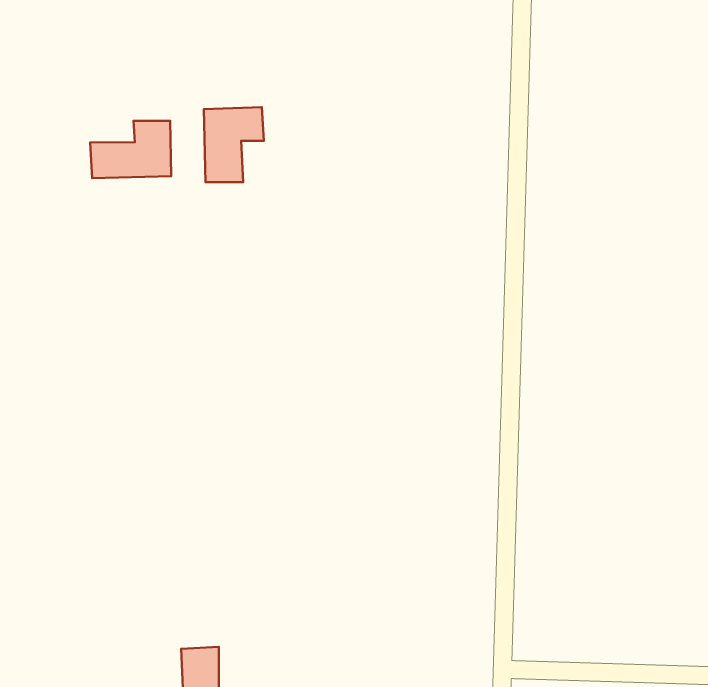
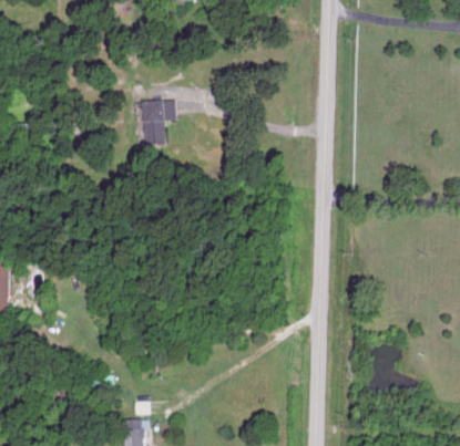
building: [90,121,171,178] -> none

